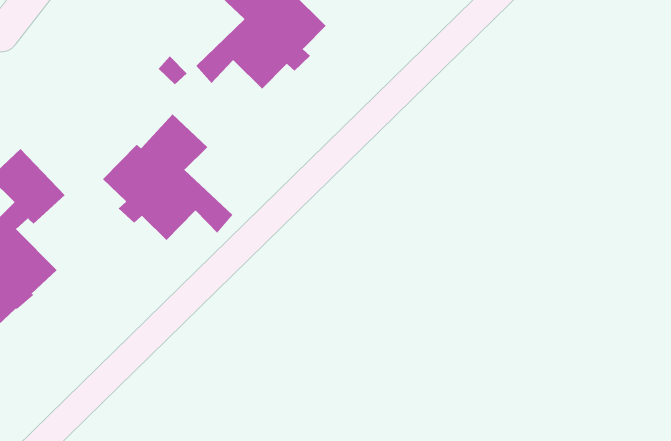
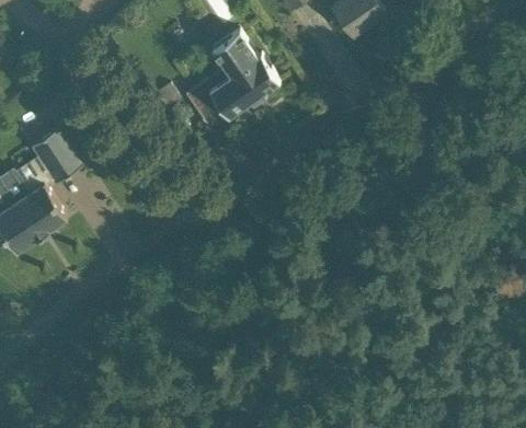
building: [102,113,233,241] -> none

